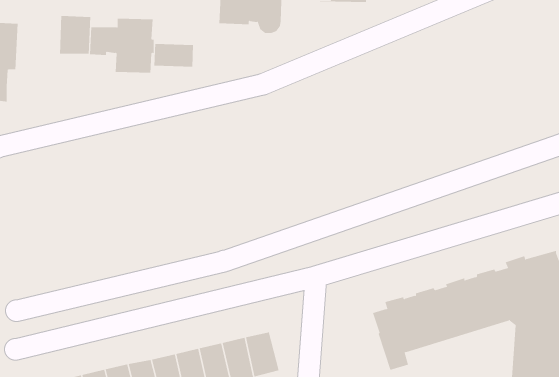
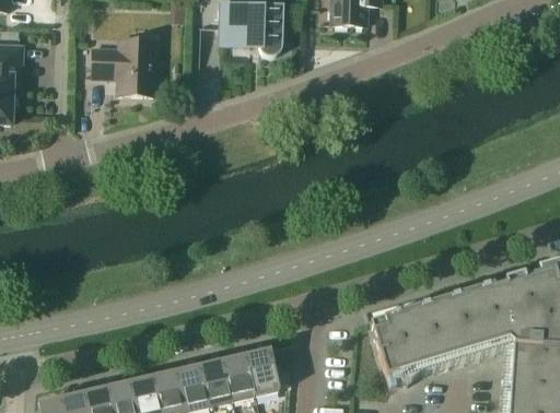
building: [60,15,91,55] -> none
building: [154,43,194,67] -> none

